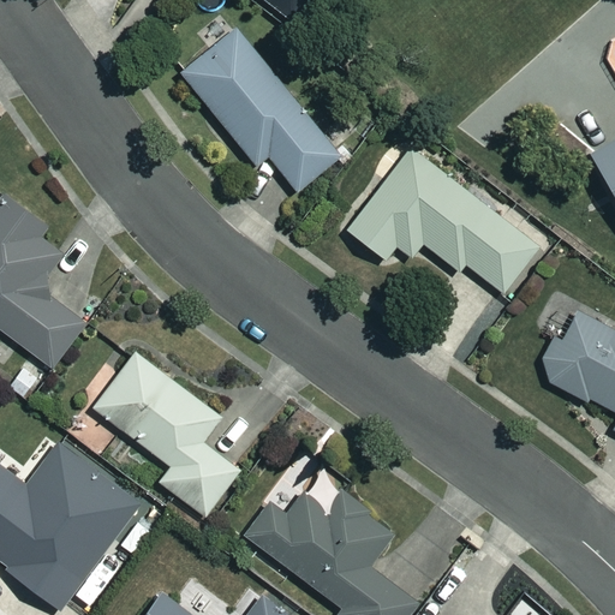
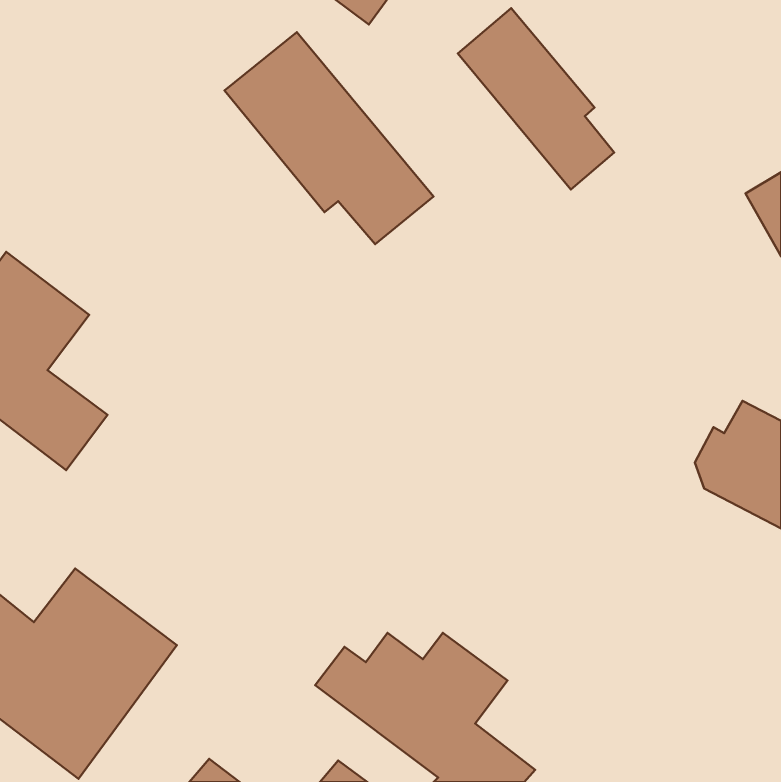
building: none -> [458,8,614,189]
building: [350,148,542,294] -> none
building: [95,353,240,517] -> none

